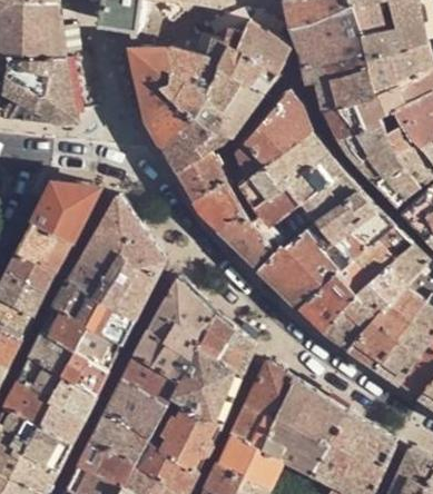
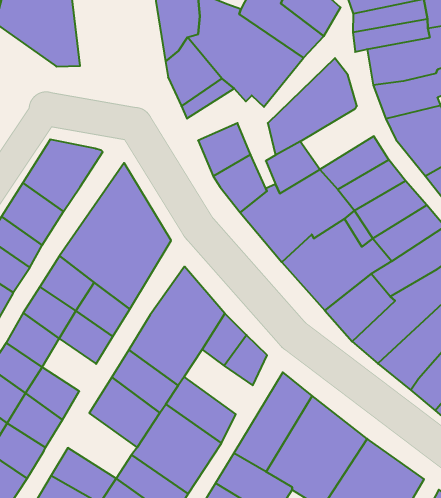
building: [168,124,233,170] -> none
building: [266,131,328,186] -> none
building: [185,347,244,399] -> none
building: [63,348,109,392] -> none
building: [91,409,150,463] -> none

